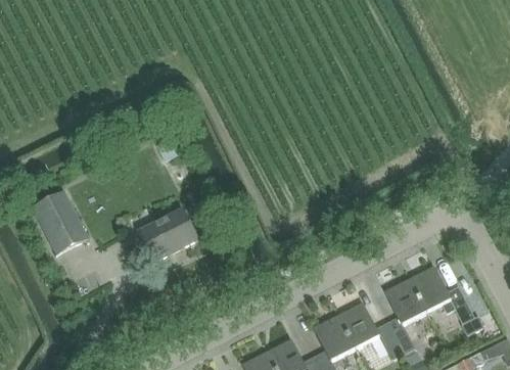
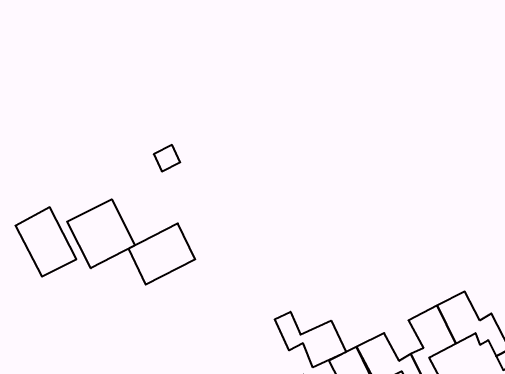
building: none -> [67,199,135,268]
building: none -> [275,312,346,367]

